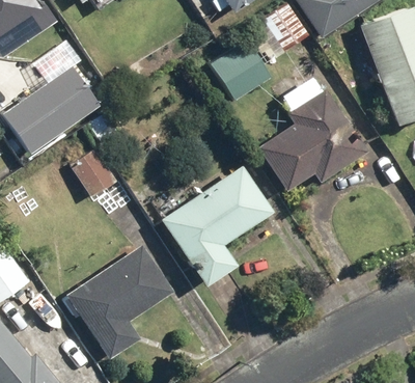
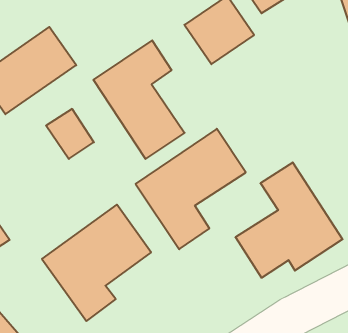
building: [260,76,367,191] -> [235,162,343,278]
building: none -> [93,40,185,159]

